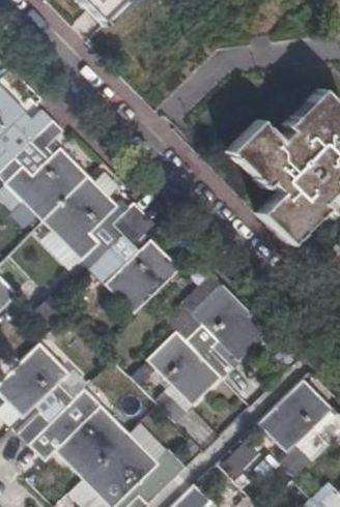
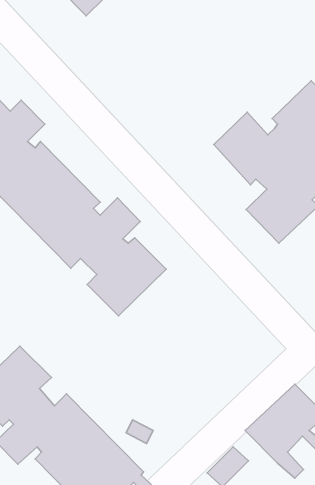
building: [132,285,268,424] -> none

